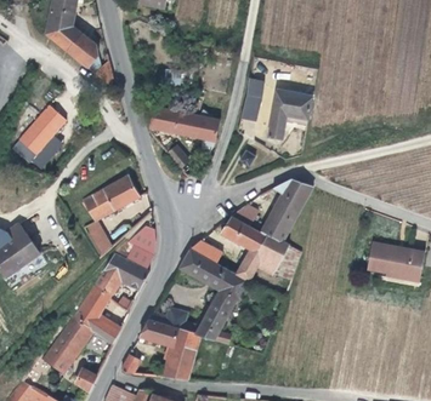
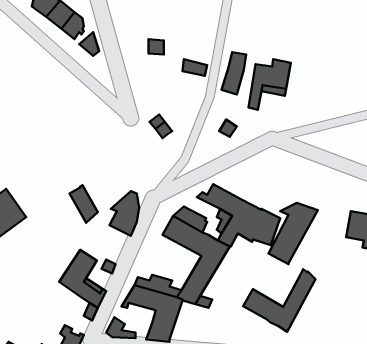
building: [149,107,220,155] -> none
building: [18,108,64,156] -> none
building: [83,174,140,220] -> none
building: [261,181,312,244] -> [269,203,318,264]
building: [95,253,149,296] -> none
building: none -> [243,269,316,332]
building: [41,317,93,373] -> none

